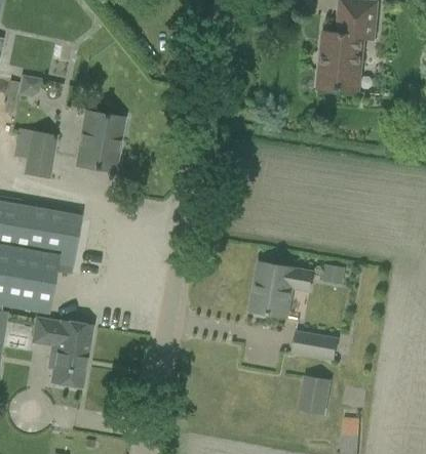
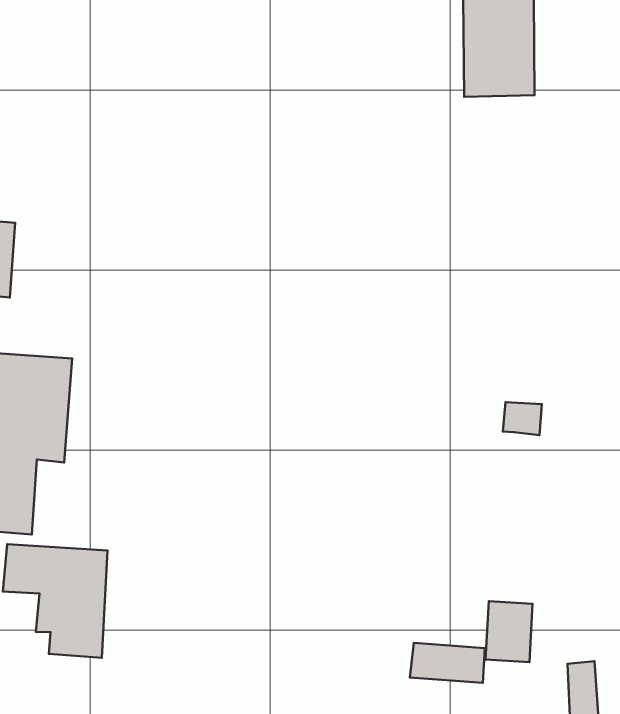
building: [76,111,123,170] -> none
building: [250,261,312,317] -> none
building: [293,331,337,358] -> [410,643,485,683]

